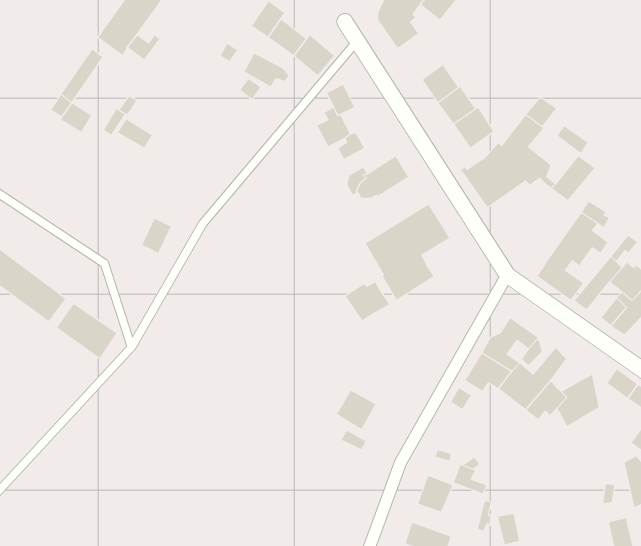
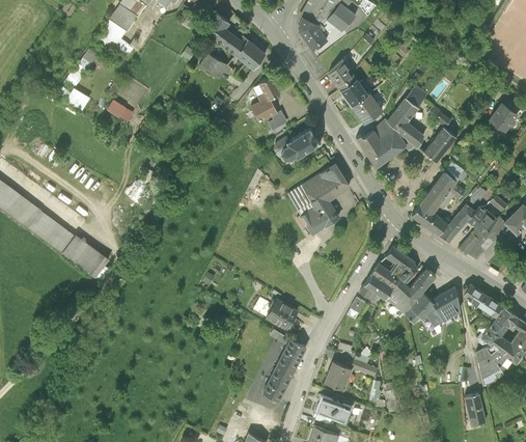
building: [345,281,390,321] -> none
building: none -> [264,340,305,400]

